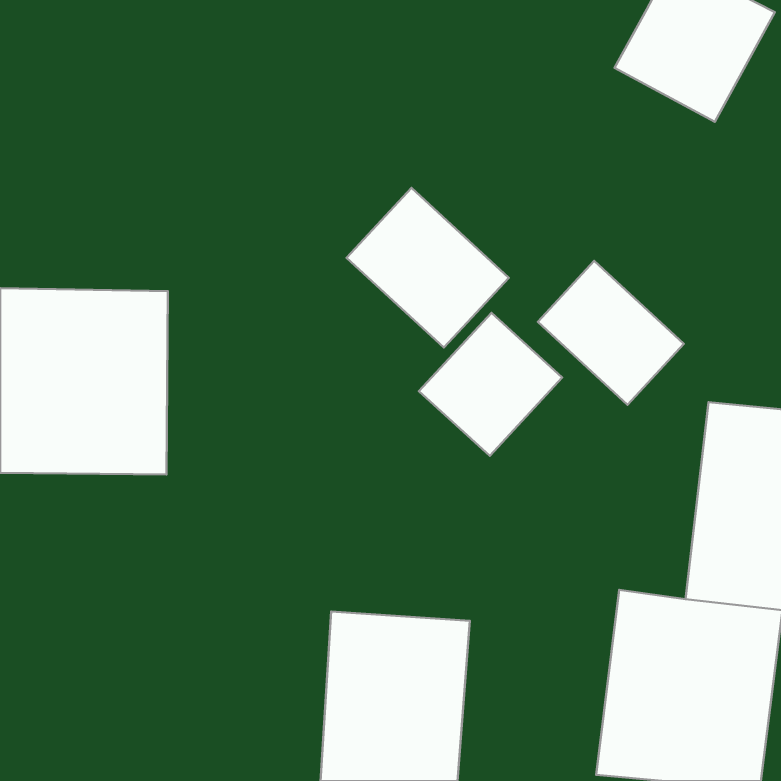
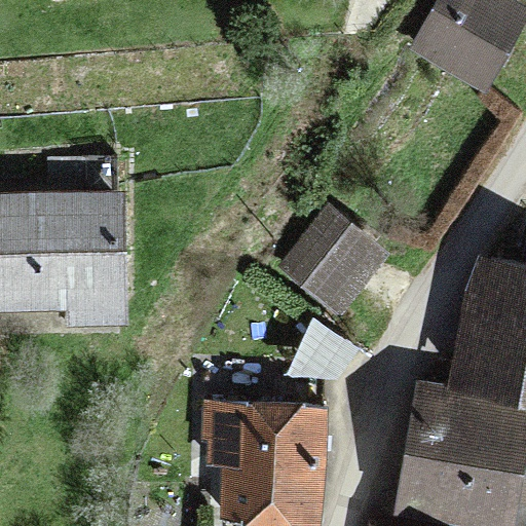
building: [346,188,509,348] -> none
building: [538,261,684,405] -> none

